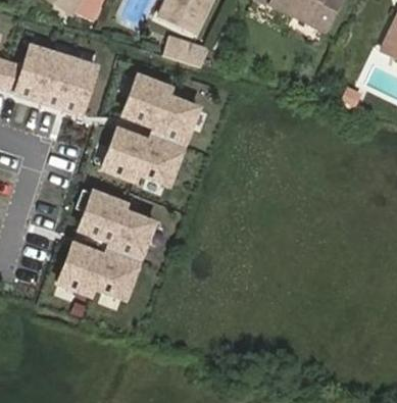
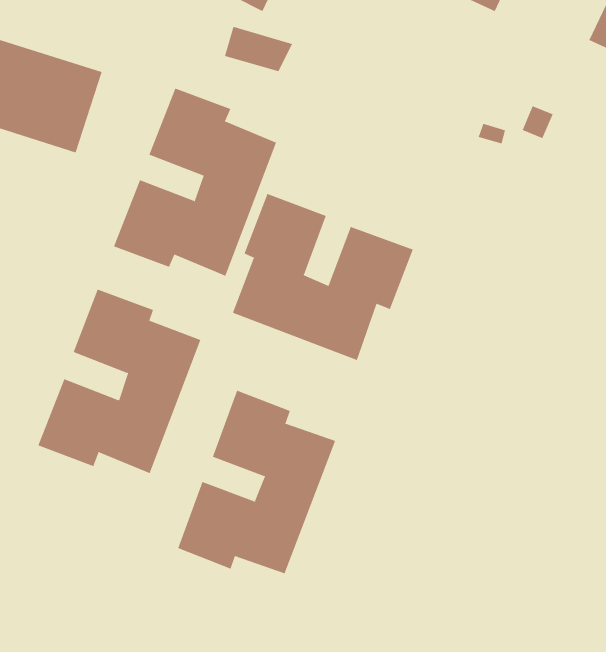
building: none -> [232,193,413,361]
building: none -> [177,390,336,574]

